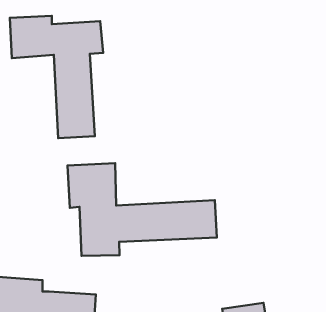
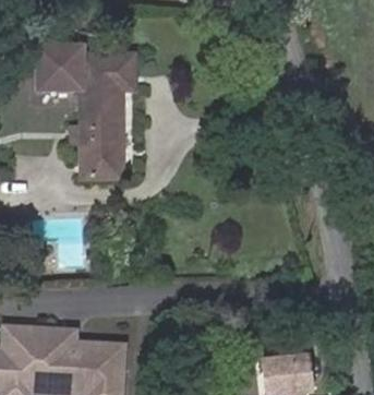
building: [68,163,217,256] -> none

